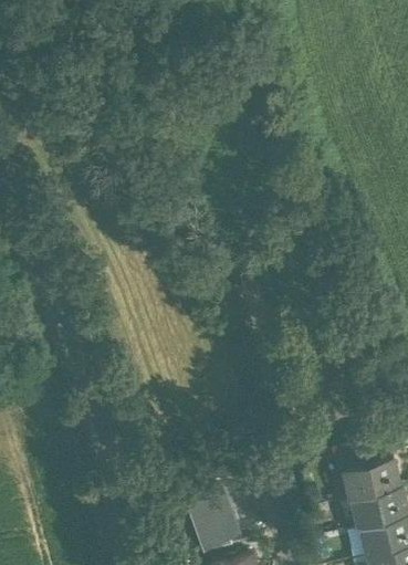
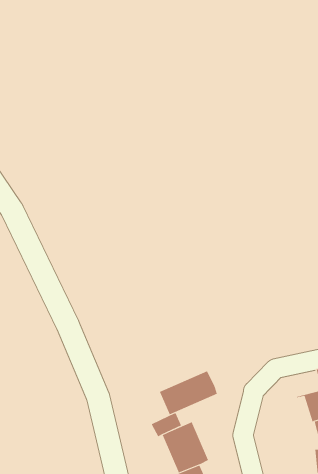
building: none -> [159,370,218,415]

